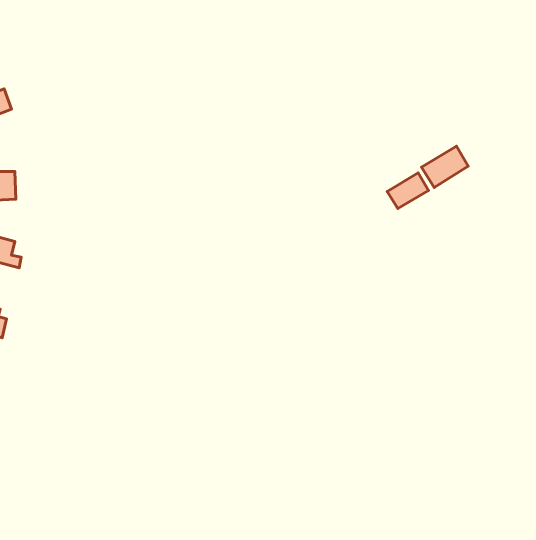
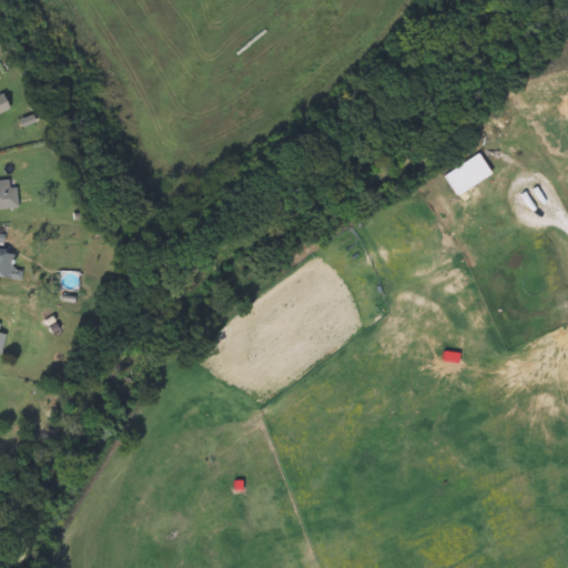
building: [387,173,429,209] -> none

